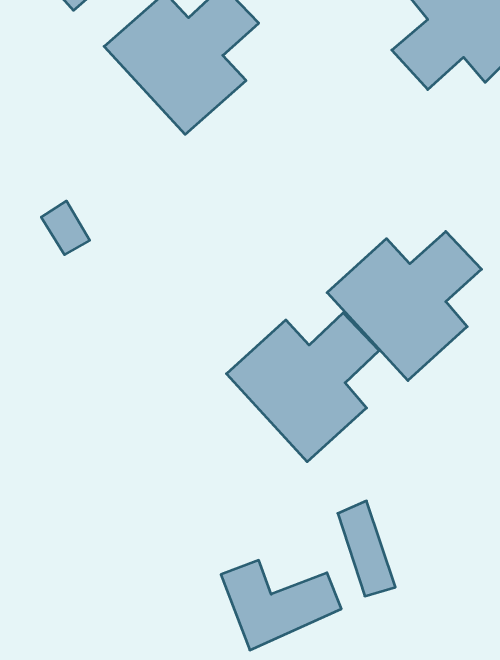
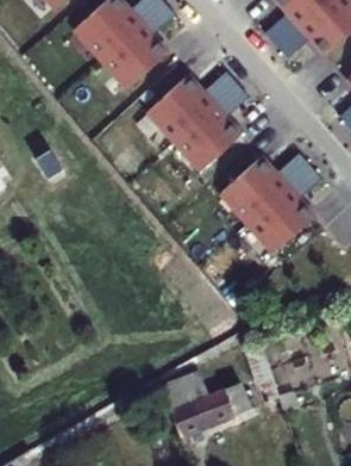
building: [226,313,379,462] -> [148,74,249,173]

